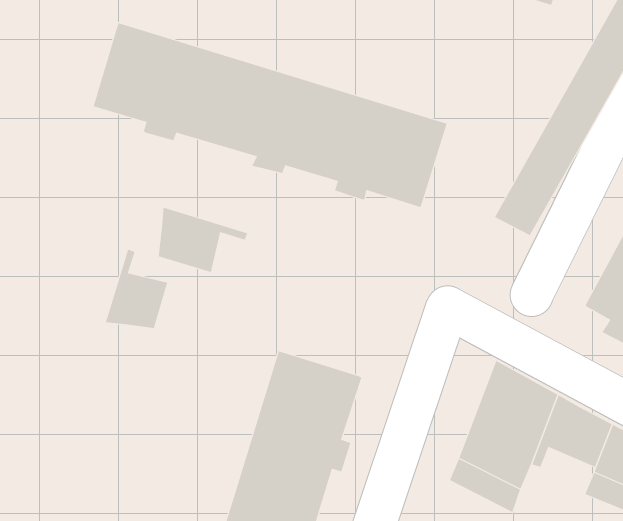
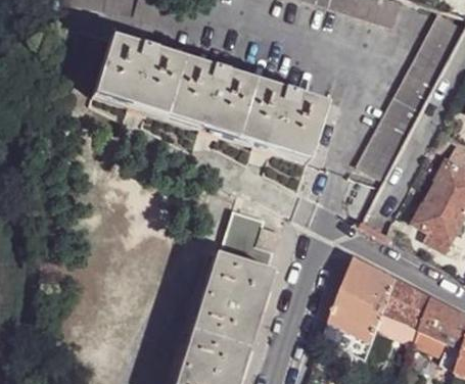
building: [158,207,248,273] -> none
building: [105,249,168,329] -> none
building: none -> [218,209,280,269]

